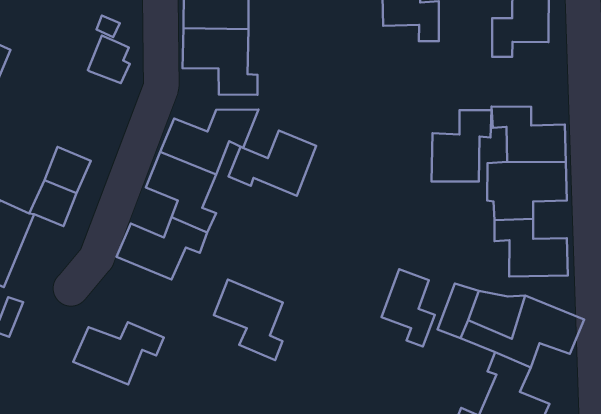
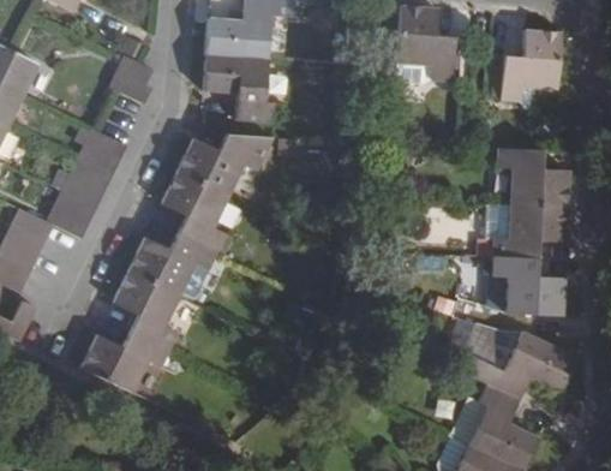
building: [432,110,492,182] -> none
building: none -> [77,130,122,175]
building: [229,131,316,196] -> none
building: [381,269,435,347] -> none
building: [214,280,283,360] -> [112,269,179,350]

